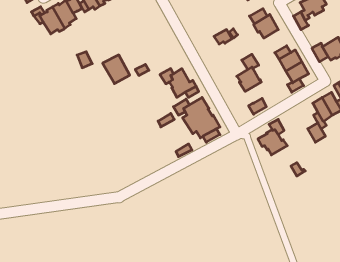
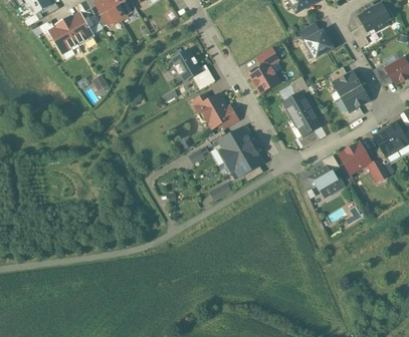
building: none -> [250,61,279,91]
building: [103,55,130,84] -> [170,47,202,81]
building: none -> [293,109,321,134]
building: none -> [340,142,370,172]

